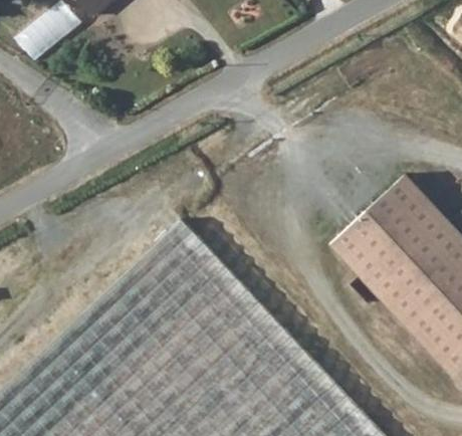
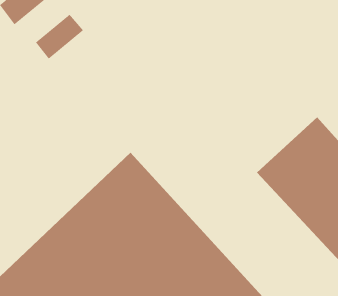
building: none -> [35,14,84,59]

